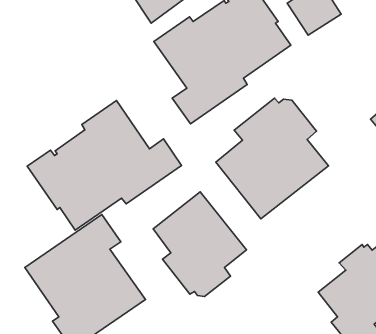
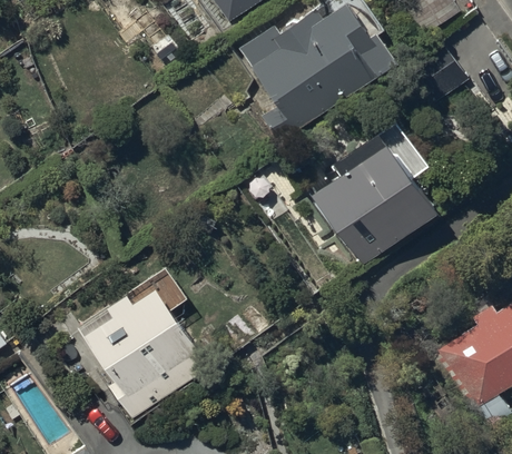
building: [27,100,182,230] -> none
building: [153,192,246,297] -> none

